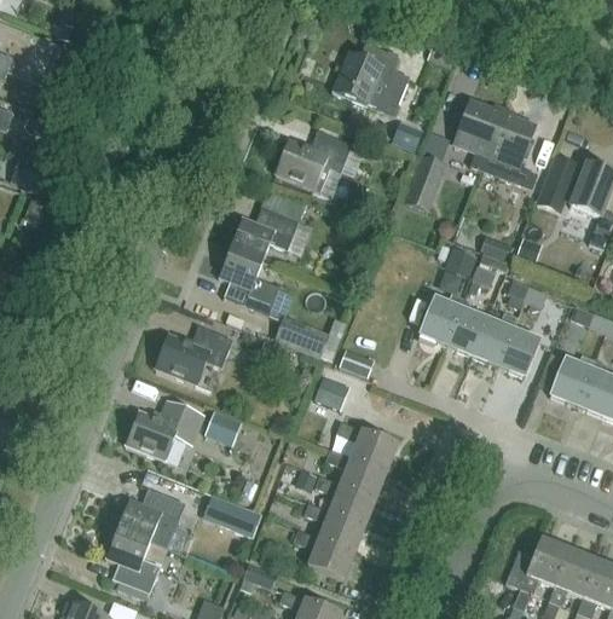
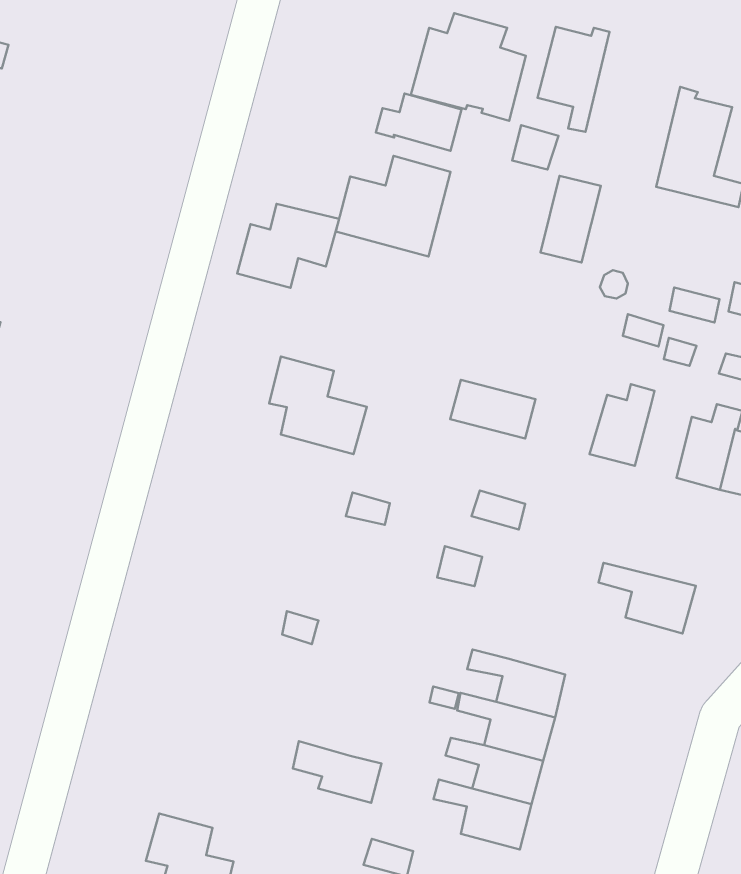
building: none -> [376,93,461,151]
building: [453,100,504,169] -> [538,27,610,132]
building: [230,207,299,261] -> [237,204,339,288]
building: [446,308,486,355] -> none
building: [274,316,330,358] -> [450,380,535,439]
building: [156,324,232,384] -> none
building: [125,400,202,461] -> none
building: [336,421,398,472] -> [598,563,696,633]
building: [117,487,185,549] -> none

